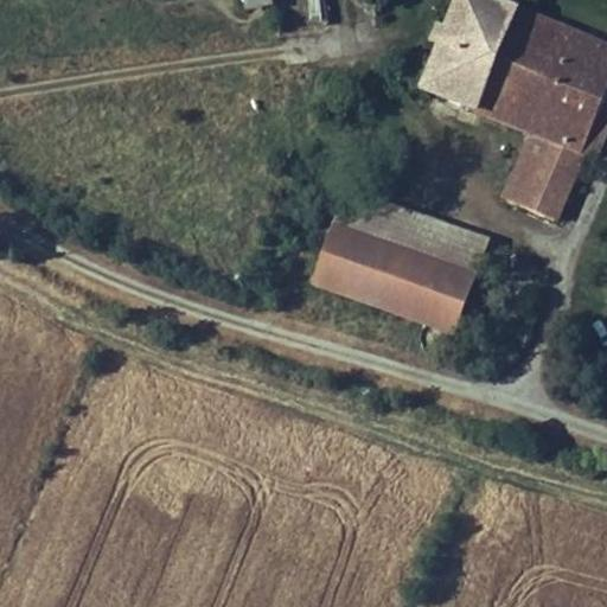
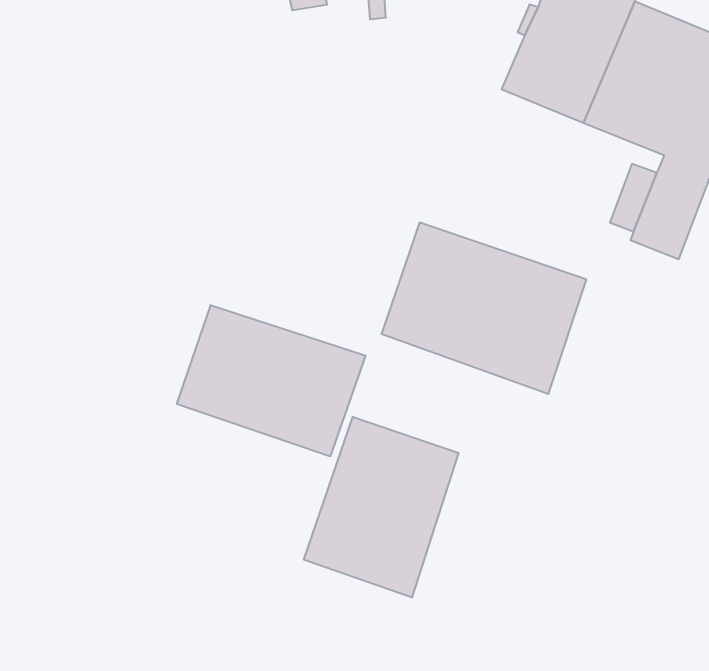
building: none -> [177,305,366,456]
building: none -> [304,417,459,598]

